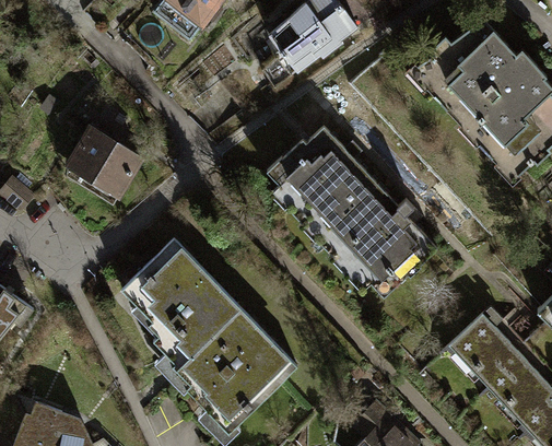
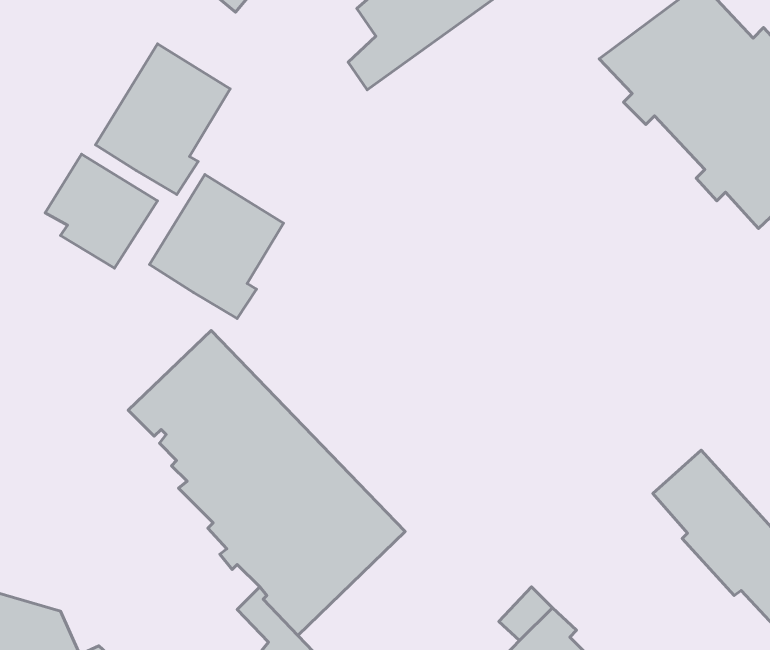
building: none -> [95,44,230,195]
building: [268,121,437,296] -> none
building: none -> [149,175,283,319]

